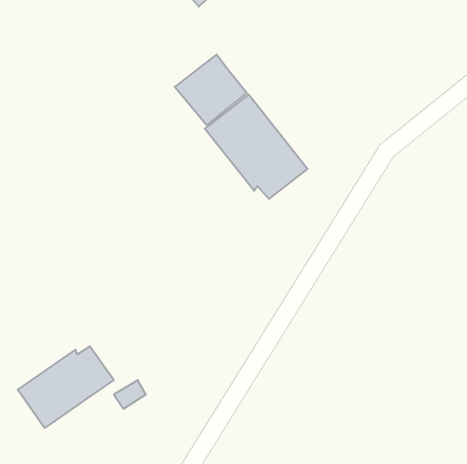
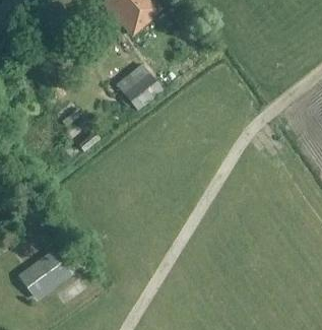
building: [205,94,308,199] -> none

